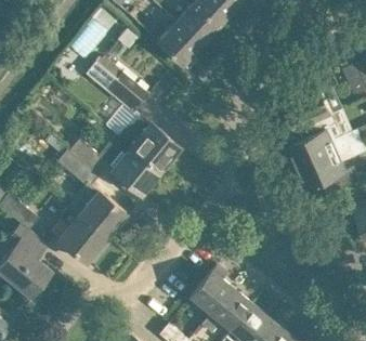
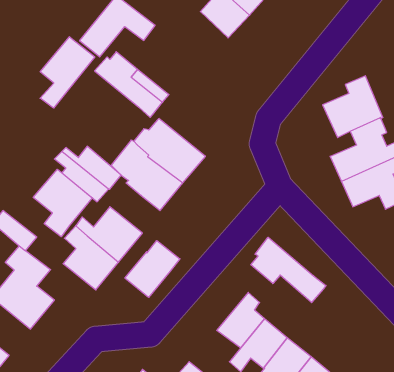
building: [158,24,200,71] -> none
building: none -> [40,37,95,108]
building: none -> [33,169,92,237]
building: none -> [251,237,326,303]
building: none -> [125,241,180,297]

